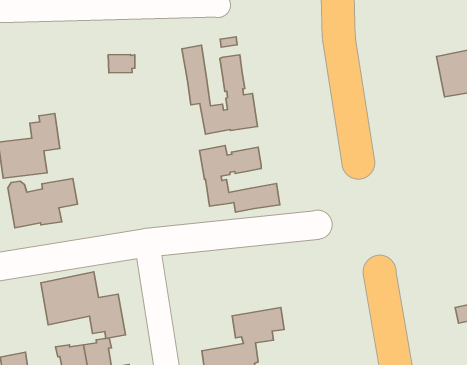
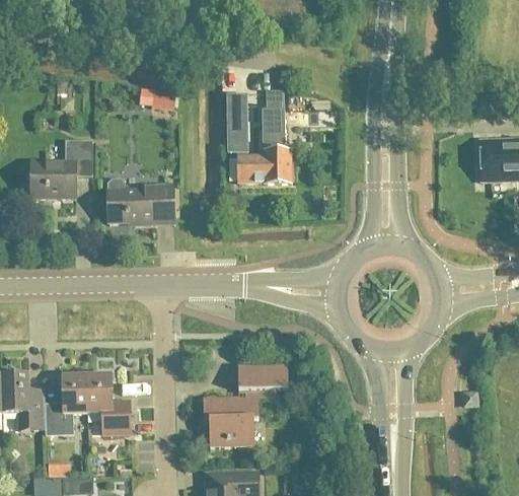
building: [199,146,280,212] -> none
building: [8,178,77,228] -> [106,178,173,224]
building: [41,272,125,338] -> none

